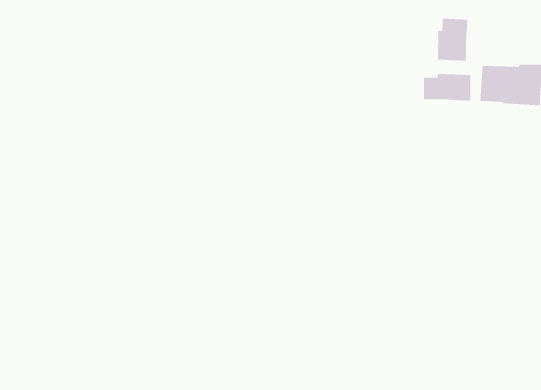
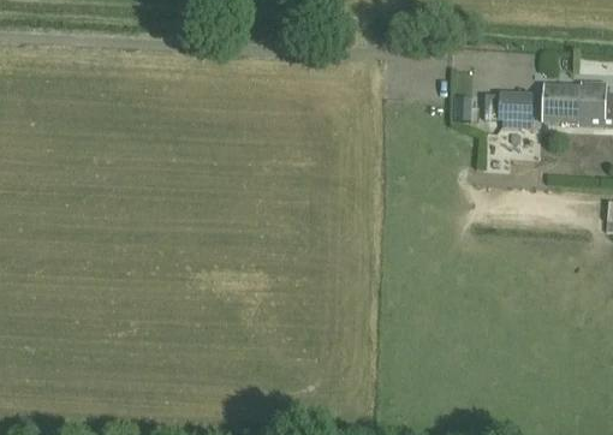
building: [437,18,468,62] -> none

